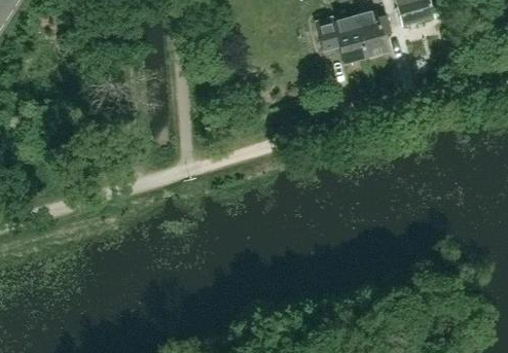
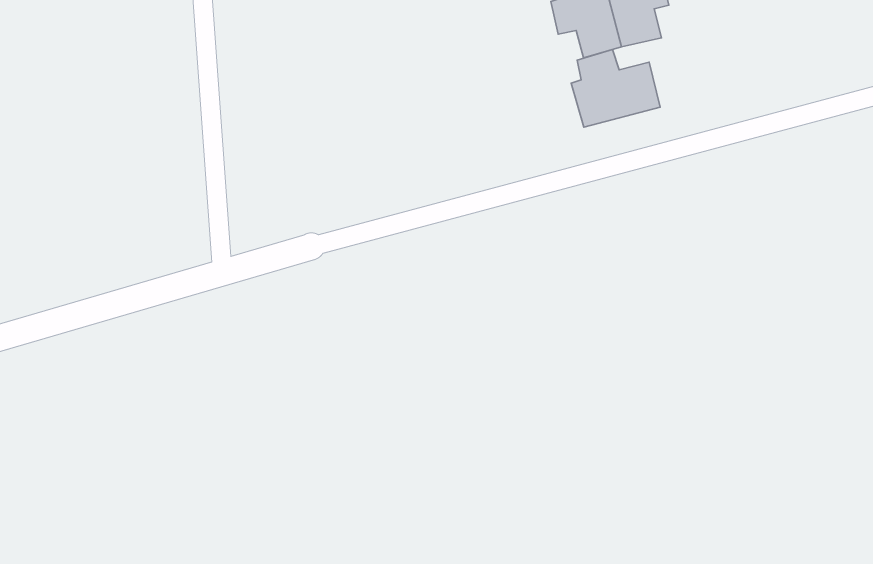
building: none -> [571,49,660,127]

